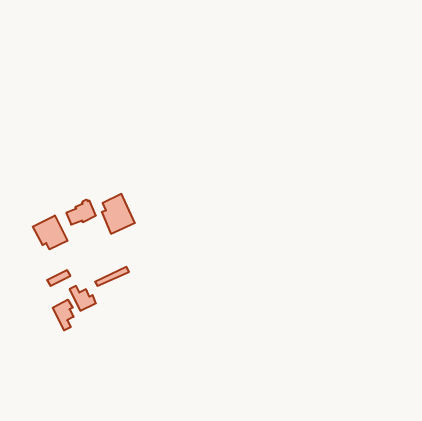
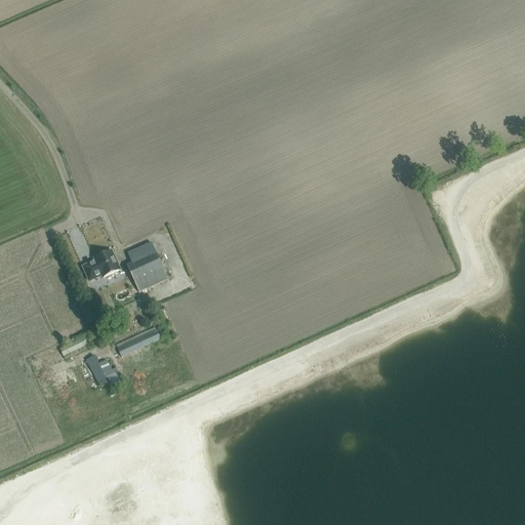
building: [33,215,67,249] -> none
building: [53,300,74,330] -> none

